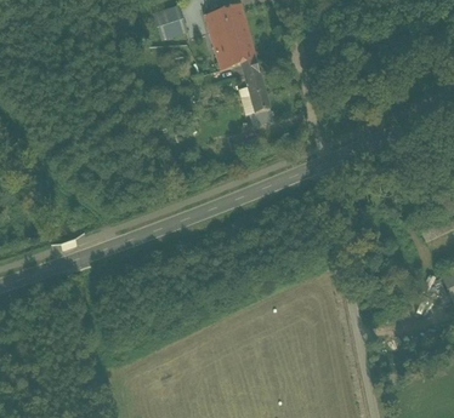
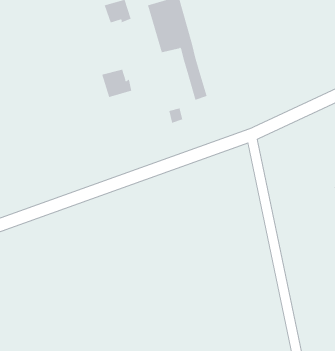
building: none -> [101,69,132,98]

